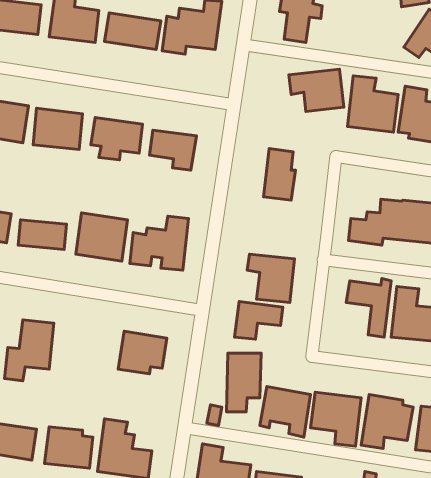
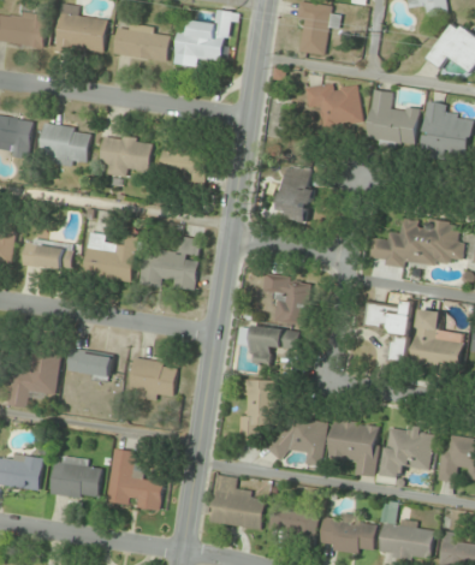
building: none -> [67,350,113,380]

